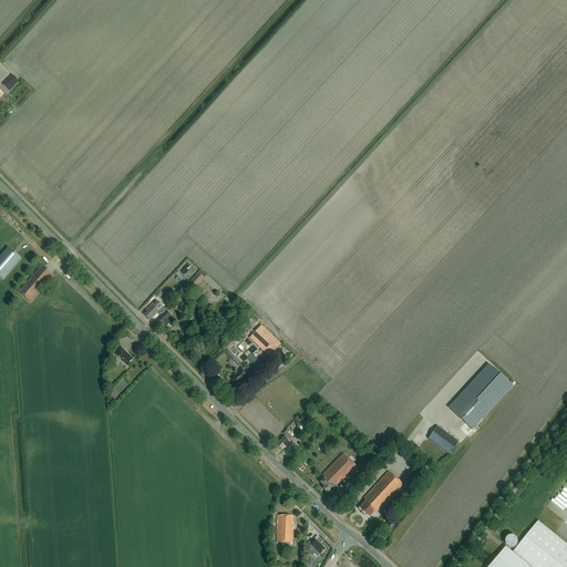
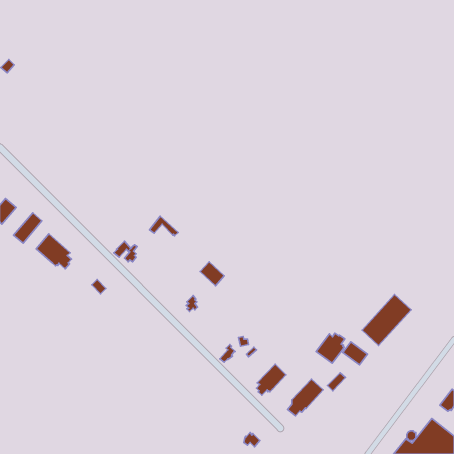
building: none -> [36,234,71,269]
building: none -> [316,333,345,363]
building: [275,515,292,543] -> none

